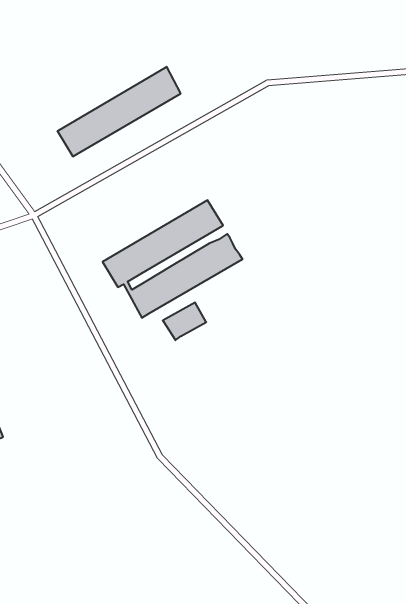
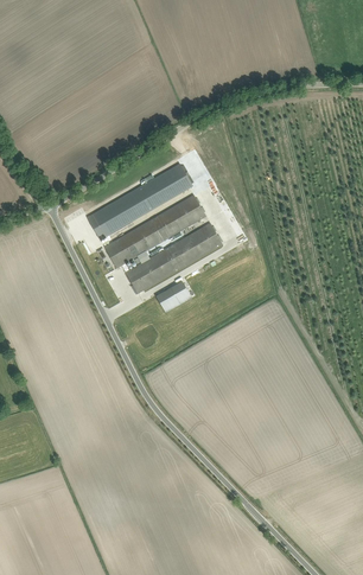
building: [57,67,181,156] -> [87,164,191,239]

